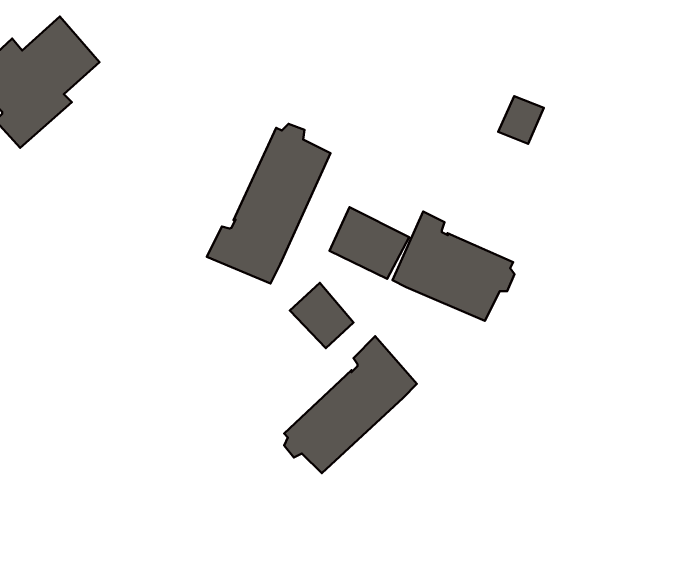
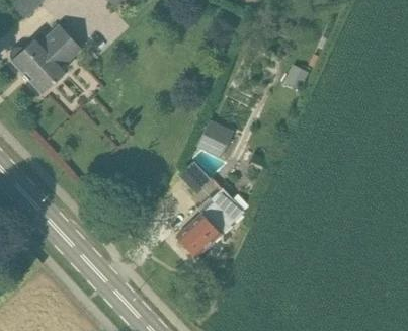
building: [207,124,331,284] -> none
building: [392,212,514,321] -> none

